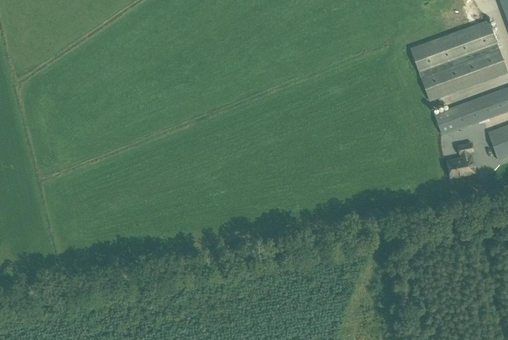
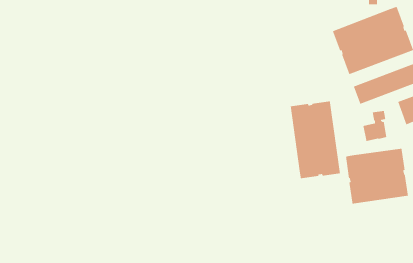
building: none -> [290,100,341,179]
building: none -> [345,148,409,204]

